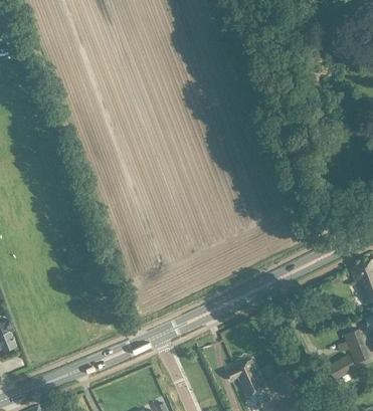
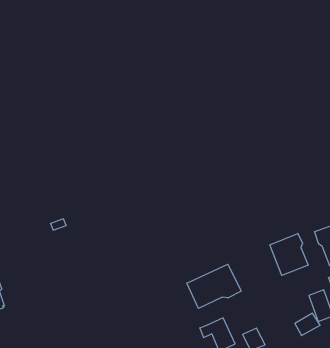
building: none -> [270,233,308,275]
building: none -> [187,264,241,308]

